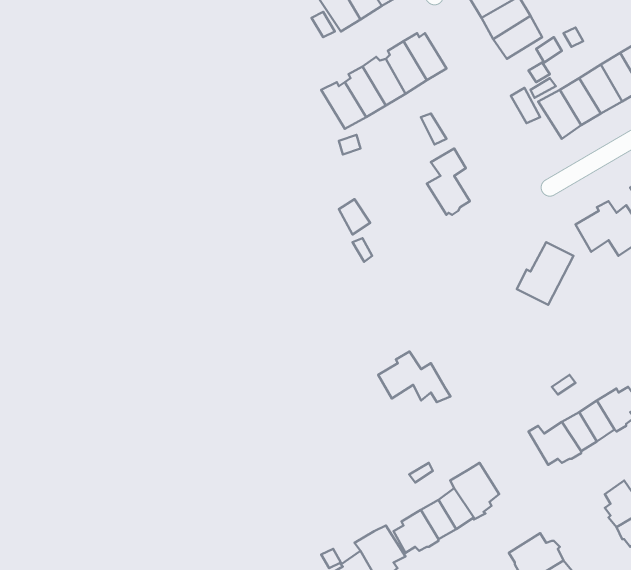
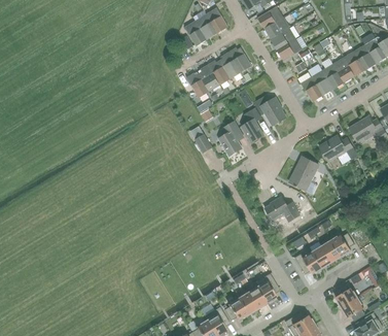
building: none -> [253,96,284,125]
building: none -> [217,121,242,156]
building: [378,352,450,402] -> [264,196,303,223]

